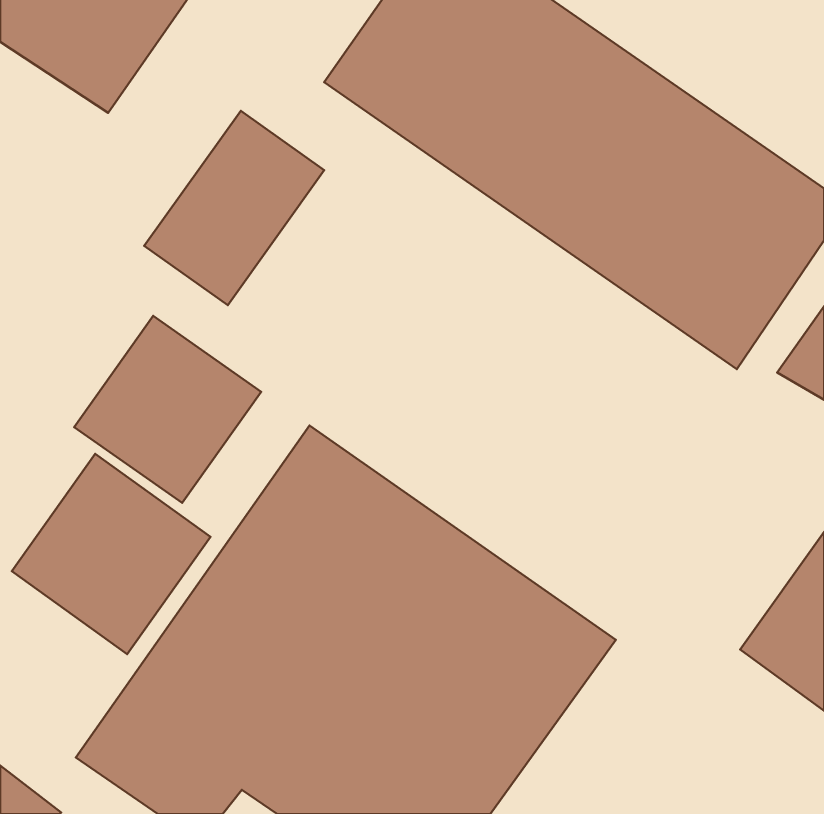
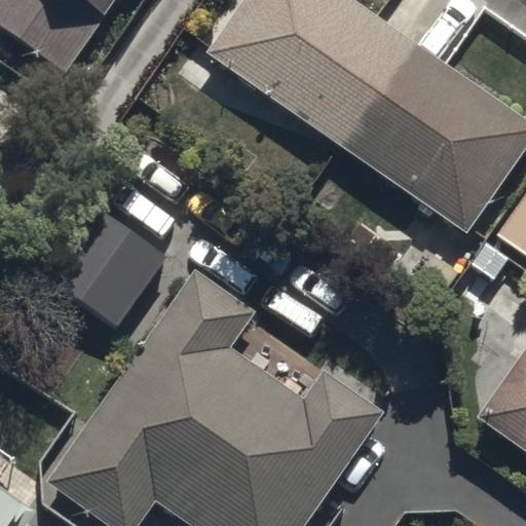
building: [144,111,324,305] -> none
building: [12,454,211,654] -> none

